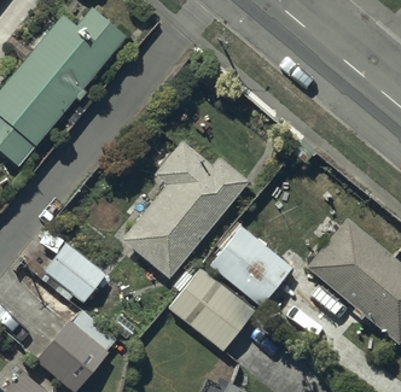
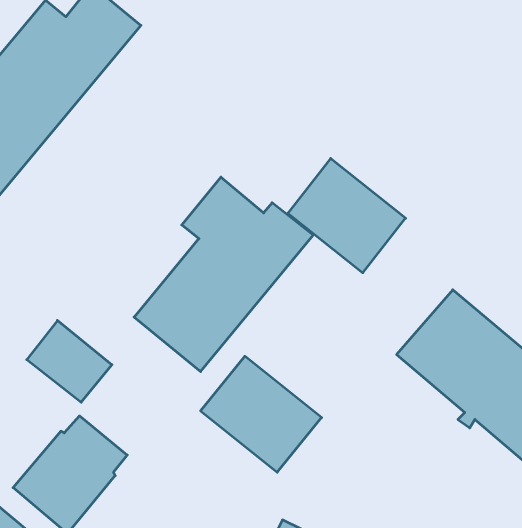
building: [209,226,292,306] -> [288,158,406,273]

